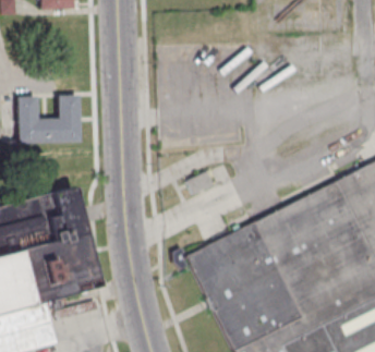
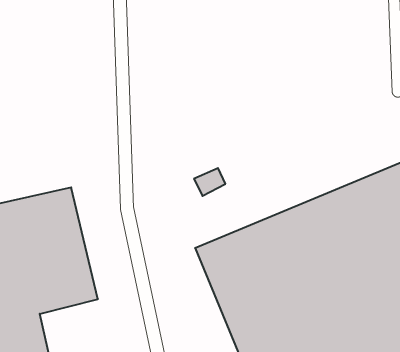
building: [16,94,80,143] -> none

